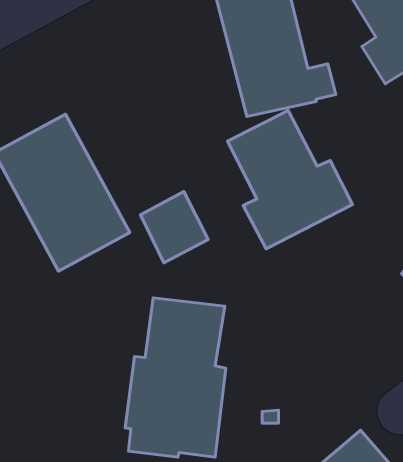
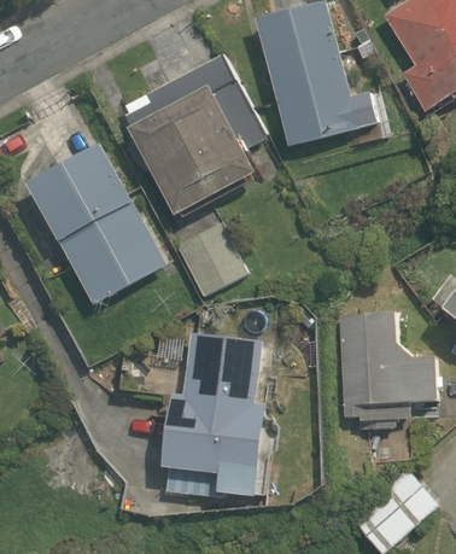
building: none -> [123,53,265,215]
building: [227,110,353,249] -> none
building: none -> [339,313,440,430]

